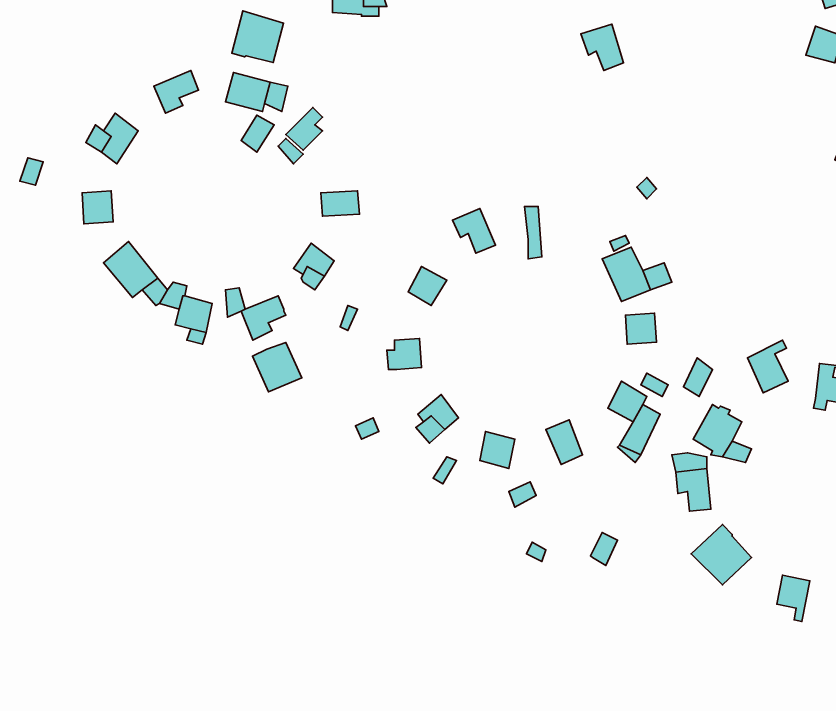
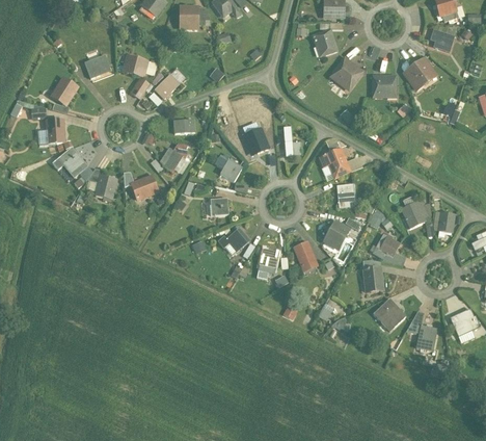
building: [232,11,283,63] -> none
building: none -> [333,57,361,84]
building: none -> [404,58,435,89]
building: none -> [372,75,395,93]
building: [253,343,302,392] -> none

